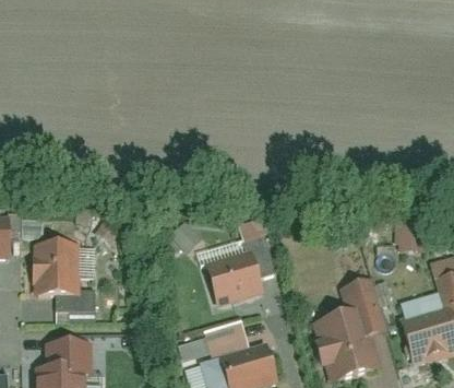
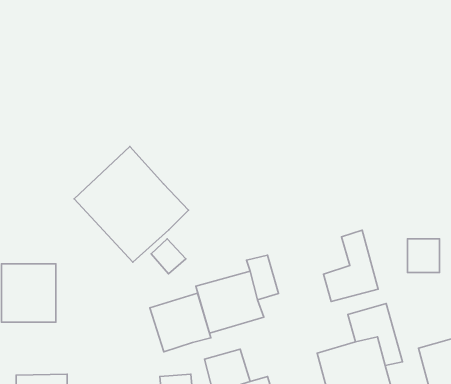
building: none -> [74,147,188,262]
building: none -> [323,230,378,302]
building: none -> [150,293,211,352]
building: [55,295,96,313] -> none

